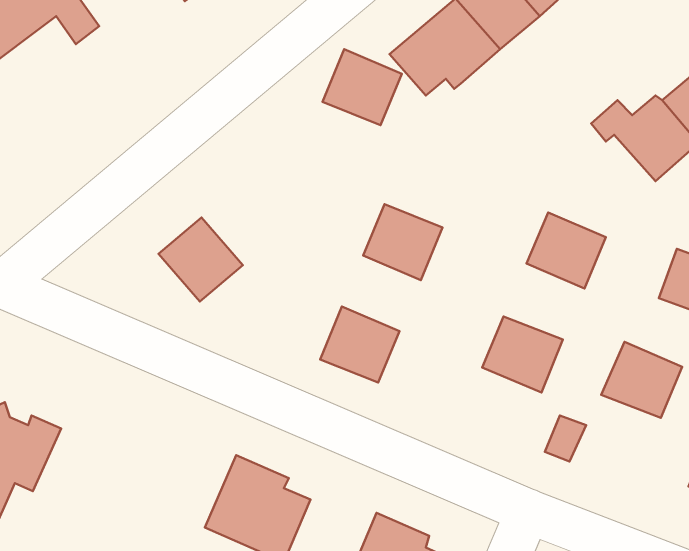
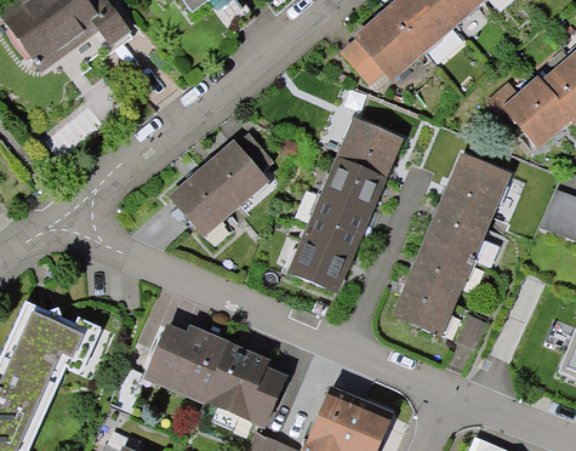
building: [323,49,402,125] -> [337,124,395,179]
building: none -> [203,135,273,207]
building: none -> [306,200,364,256]
building: [601,342,682,418] -> [424,206,484,262]
building: none -> [393,282,452,338]
building: none -> [147,330,228,400]

